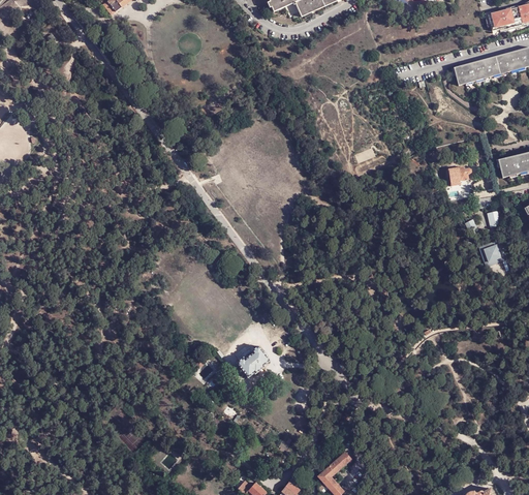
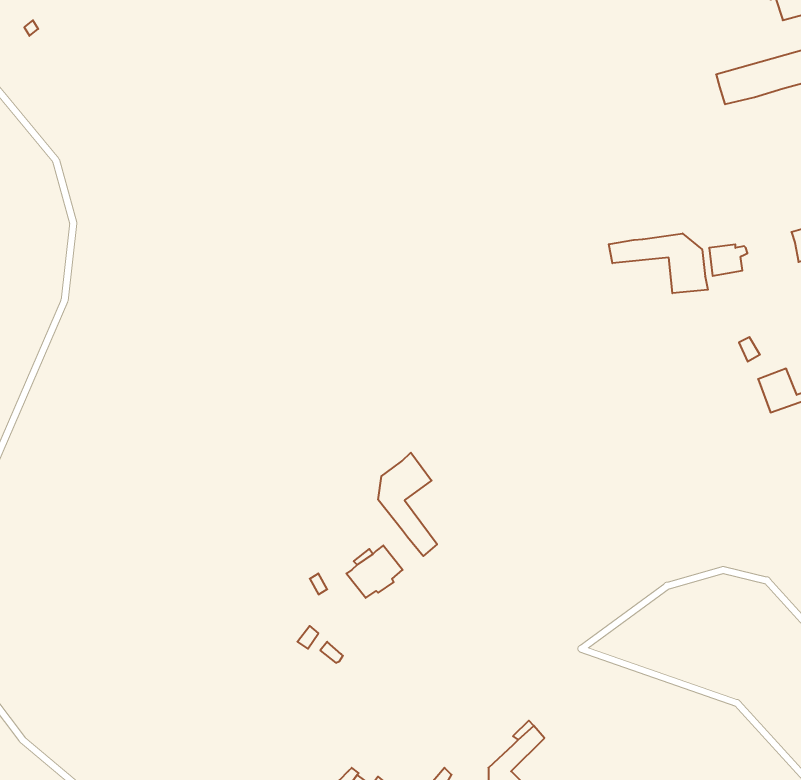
building: none -> [609,233,708,293]
building: none -> [378,453,437,556]

